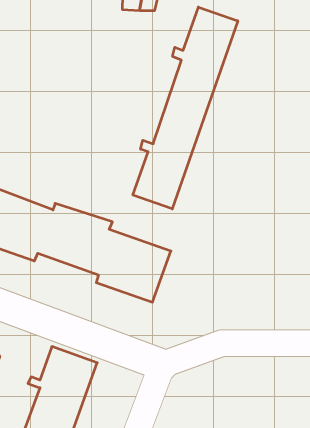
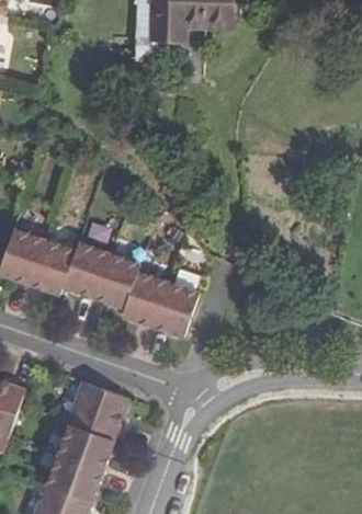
building: [133,7,238,209] -> none

